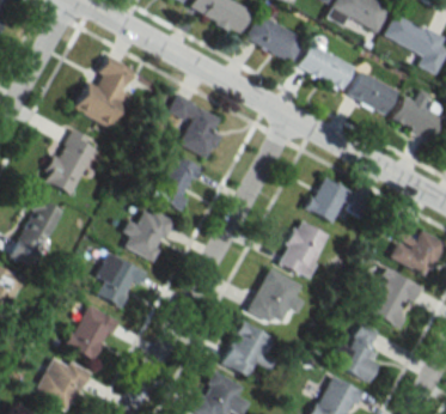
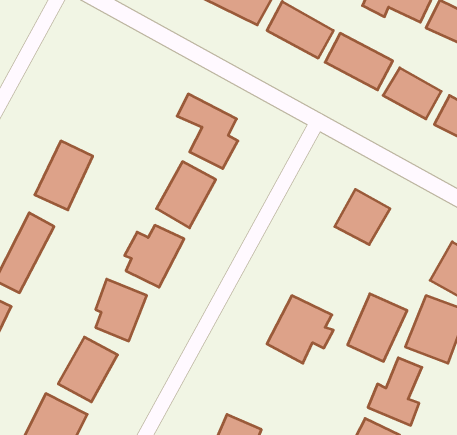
building: [78,56,135,124] -> none
building: [277,220,329,279] -> [348,294,407,361]
building: [222,323,275,377] -> none

